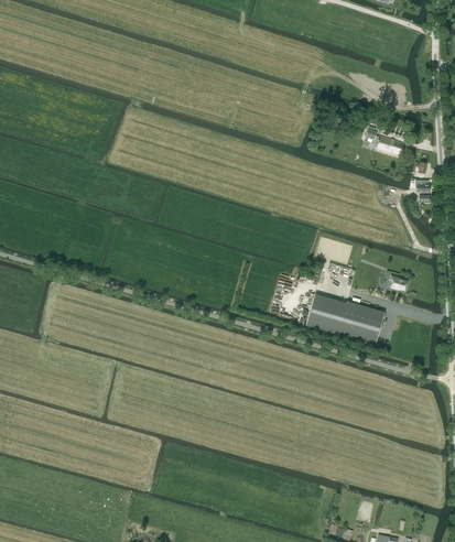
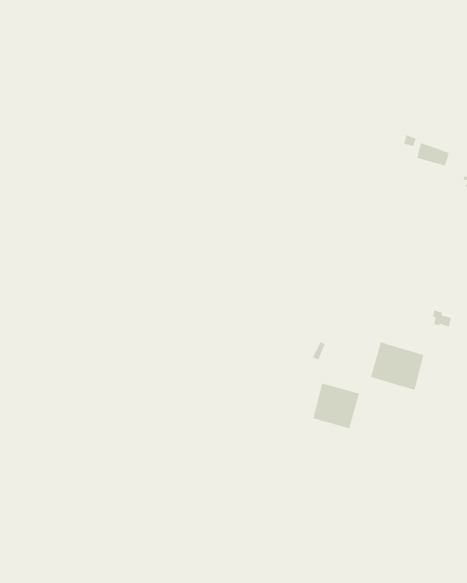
building: [306,295,346,334] -> [312,383,360,429]

